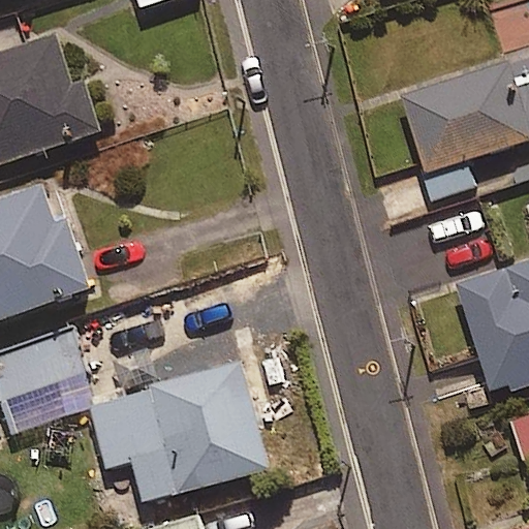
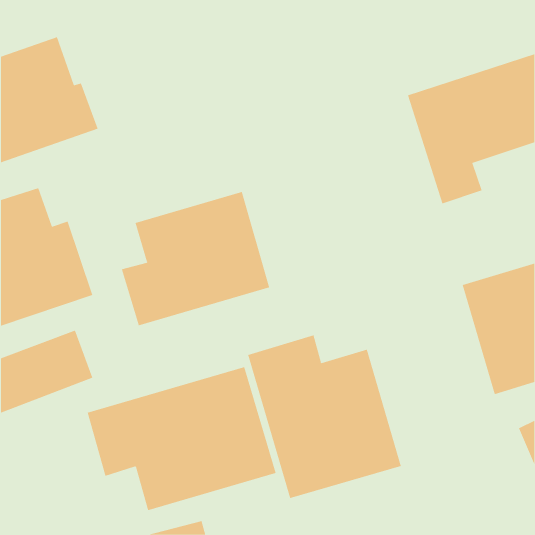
building: none -> [121,191,270,326]
building: none -> [248,334,401,499]

